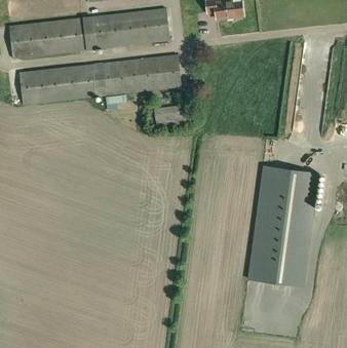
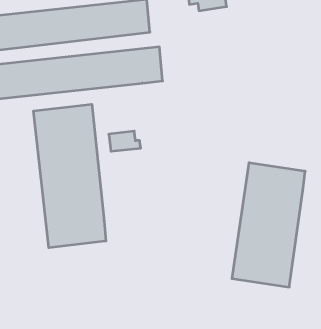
building: [155,107,186,126] -> [109,131,141,151]
building: none -> [34,104,106,248]

